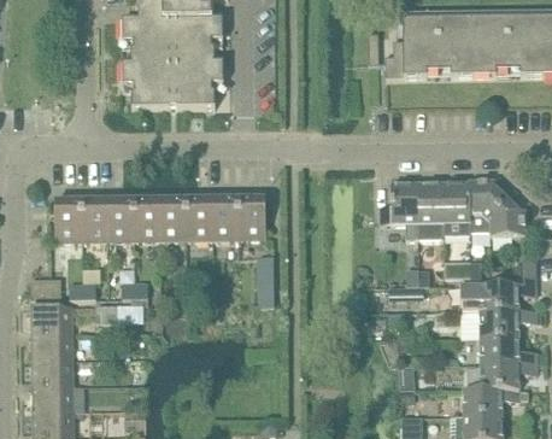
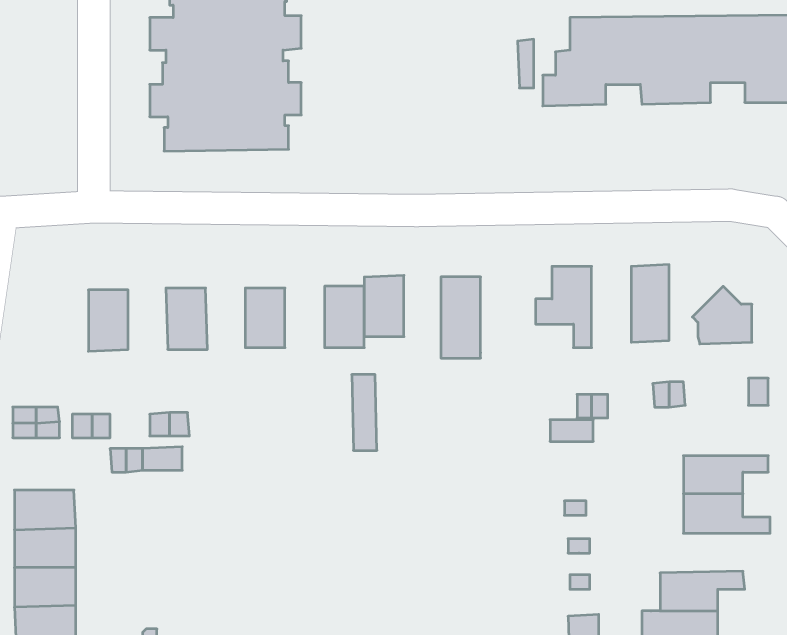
building: [470,180,506,230] -> none
building: [418,183,445,238] -> [441,277,481,358]
building: [213,197,240,238] -> [364,275,404,337]
building: [108,198,135,239] -> none
building: [160,198,187,239] -> none
building: [55,199,82,240] -> none
building: [462,282,536,310] -> none
building: [31,305,72,333] -> none
building: [464,362,538,388] -> none

